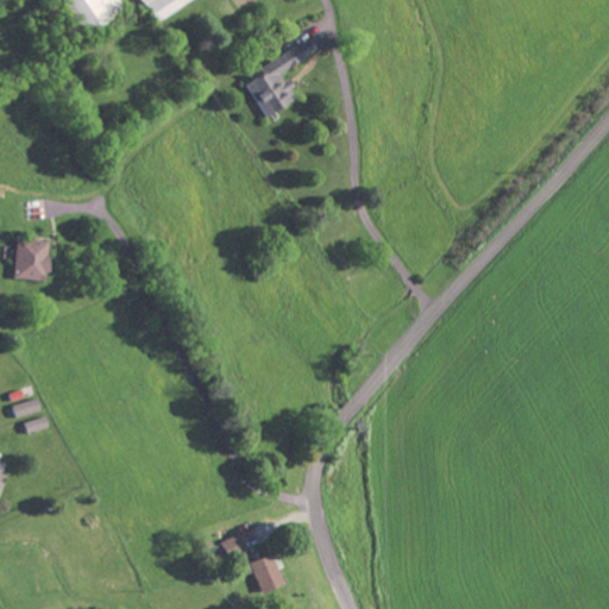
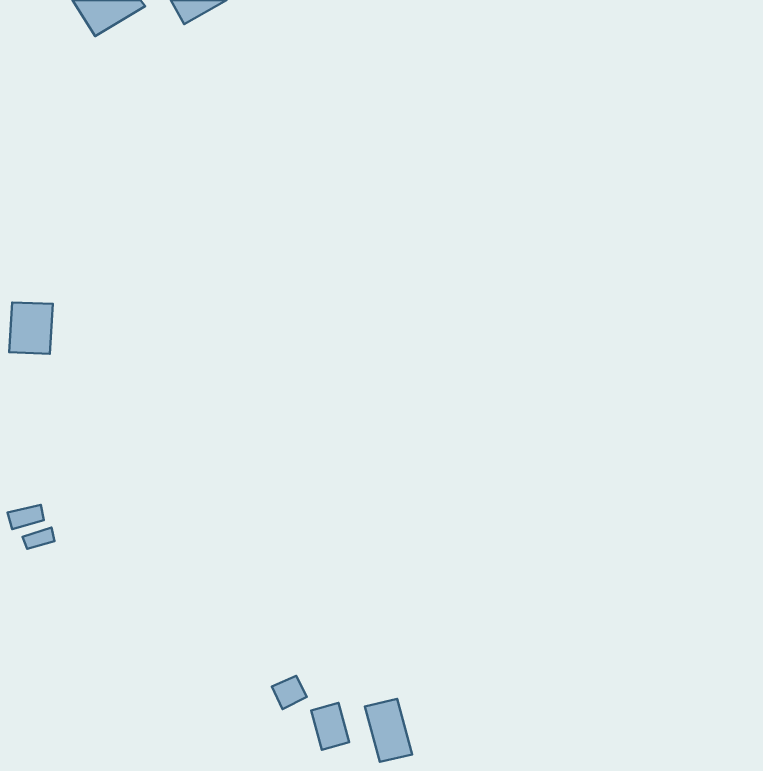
building: [247,39,320,117] -> none
building: none -> [365,699,412,762]

